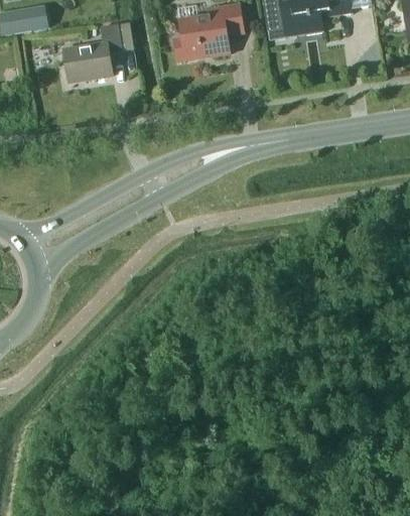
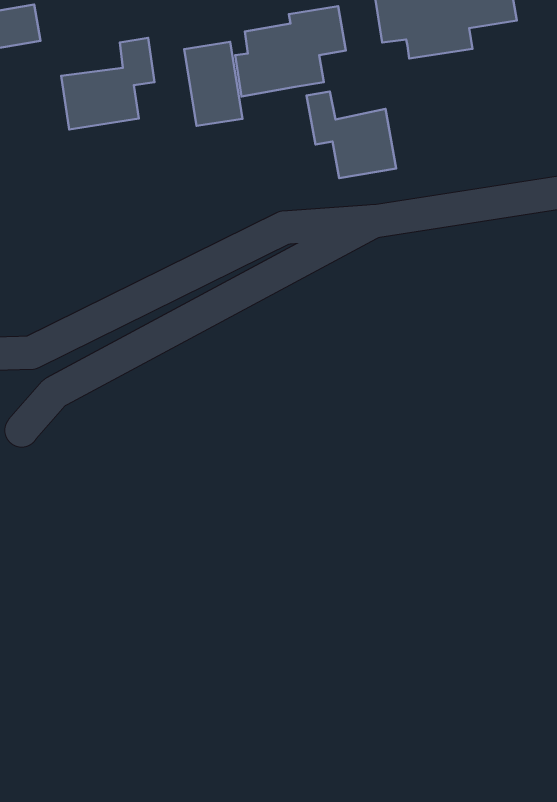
building: none -> [184,42,243,126]
building: none -> [306,92,396,178]

